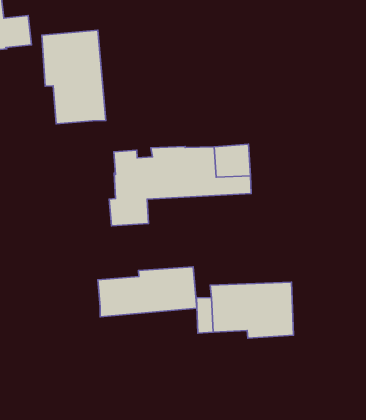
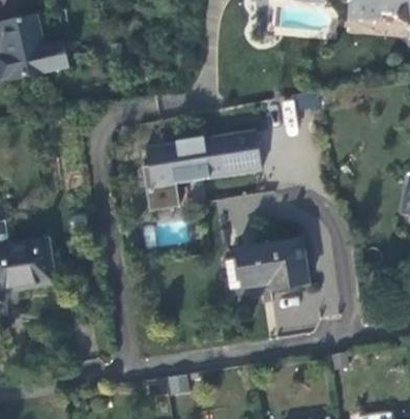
building: [42,30,106,124] -> none
building: [98,267,197,317] -> none

